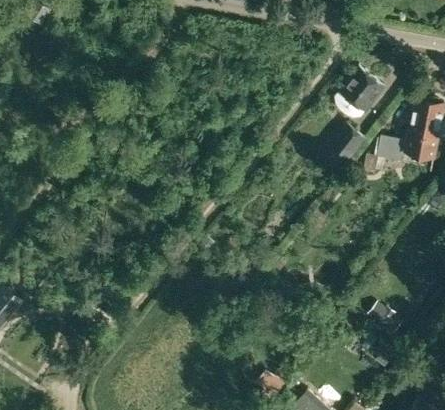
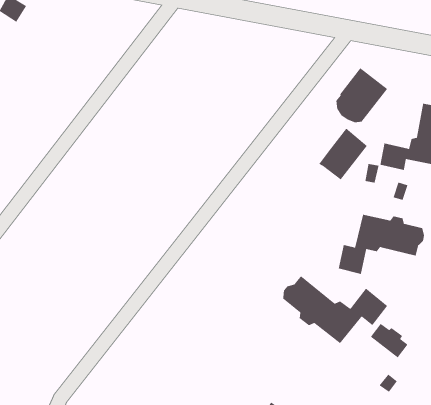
building: none -> [338,214,425,275]
building: none -> [282,275,388,344]

